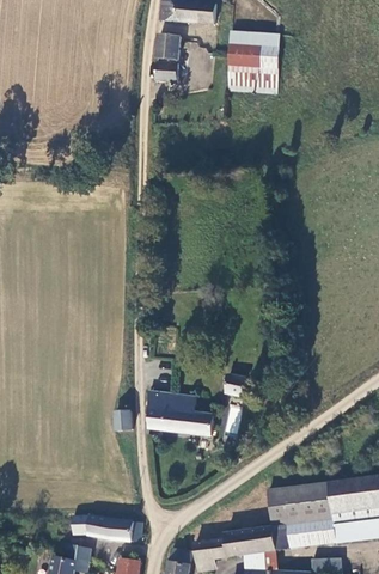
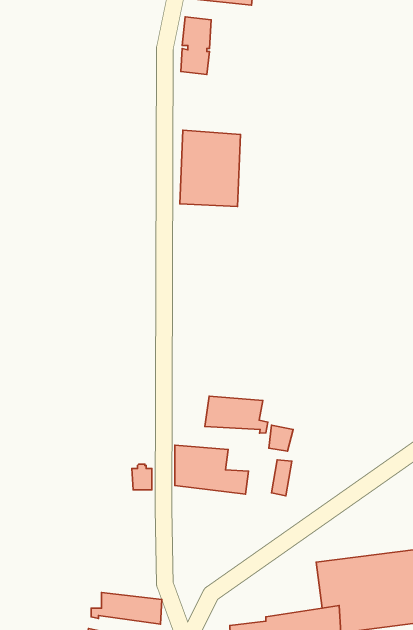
building: [227,35,277,98] -> [180,130,240,207]
building: none -> [205,396,268,433]

